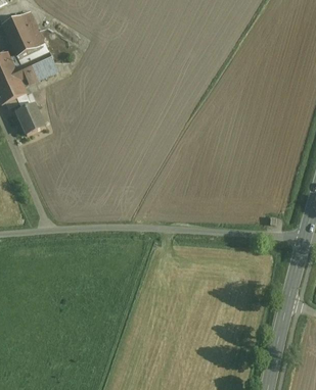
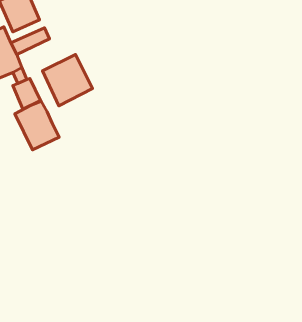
building: none -> [42,55,93,106]
building: none -> [15,101,59,150]

